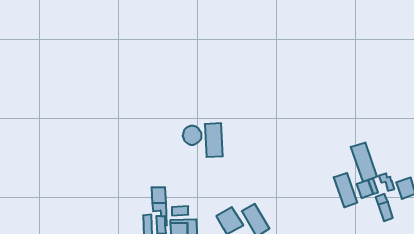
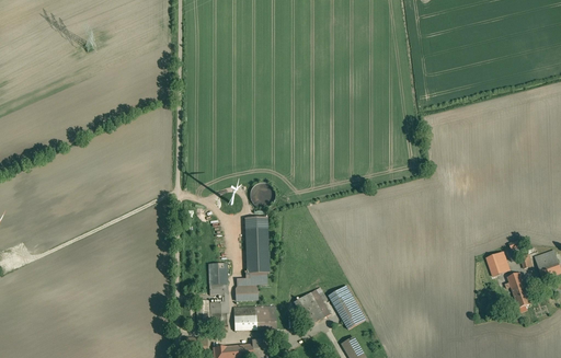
building: [205,123,223,157] -> [245,228,270,273]
building: [351,142,377,182] -> none
building: [334,173,357,207] -> none

